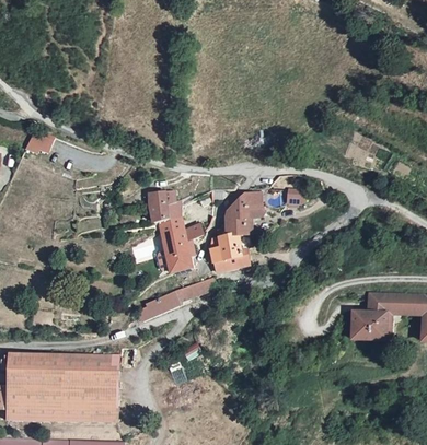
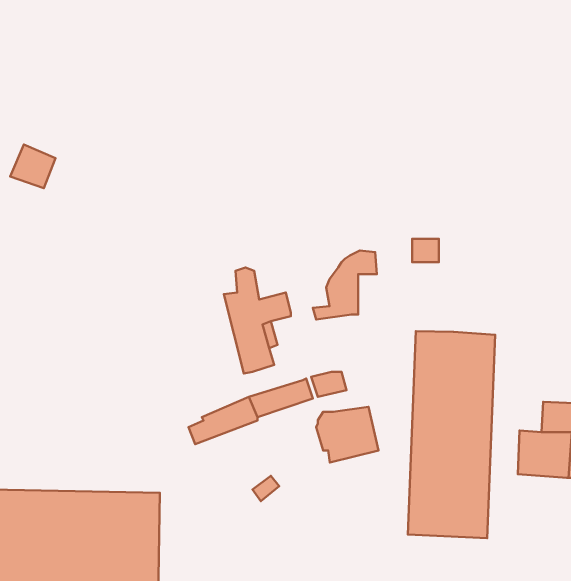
building: [149,194,169,224] -> none
building: [209,236,250,272] -> [316,407,378,462]
building: none -> [408,331,495,538]

